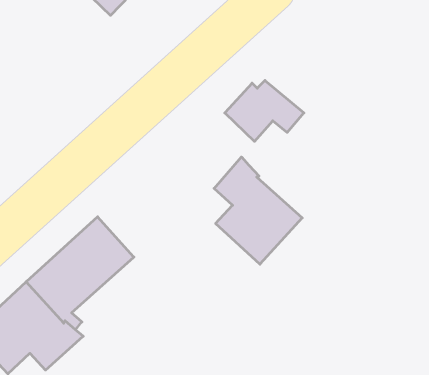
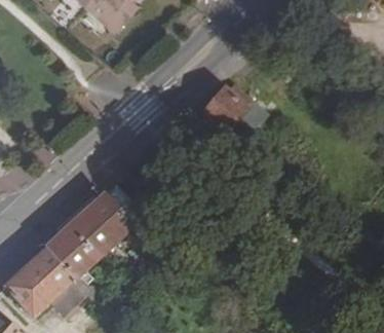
building: [214,157,302,264] -> none

